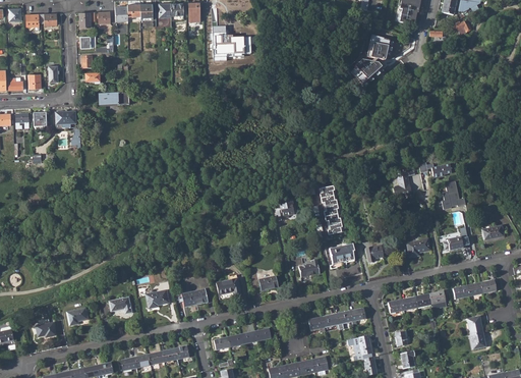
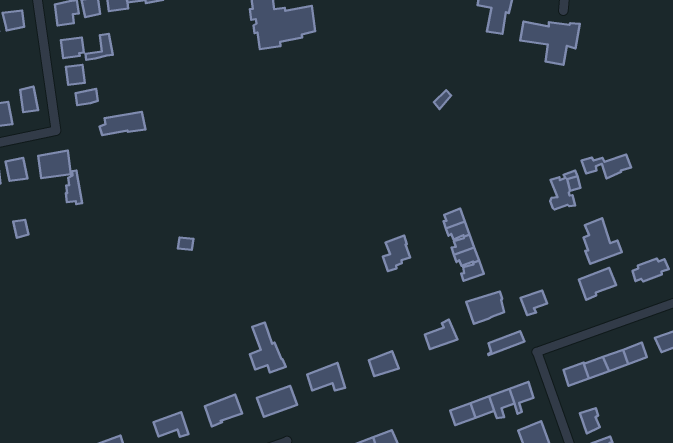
building: none -> [520,22,580,65]
building: [442,179,466,209] -> [584,218,622,264]
building: none -> [250,322,286,373]

